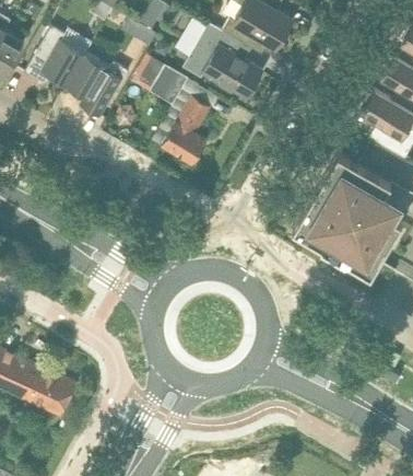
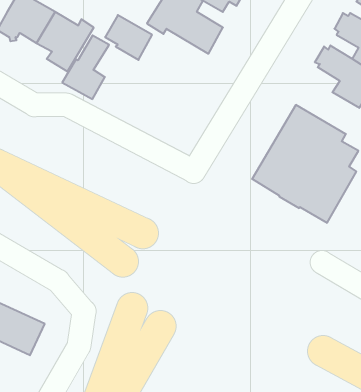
building: [161,96,210,163] -> [62,35,109,99]

